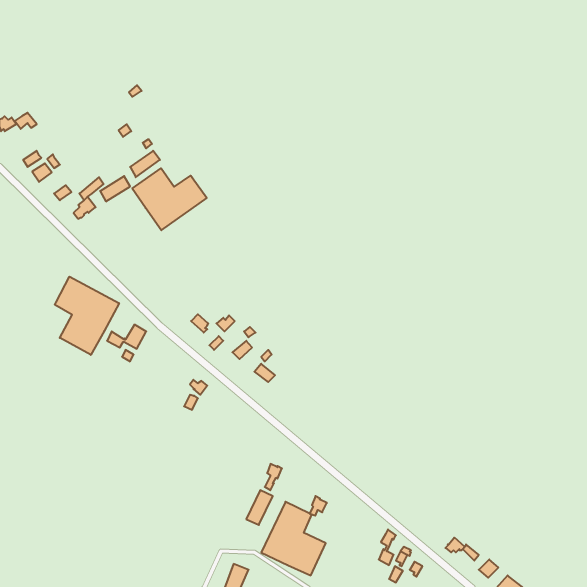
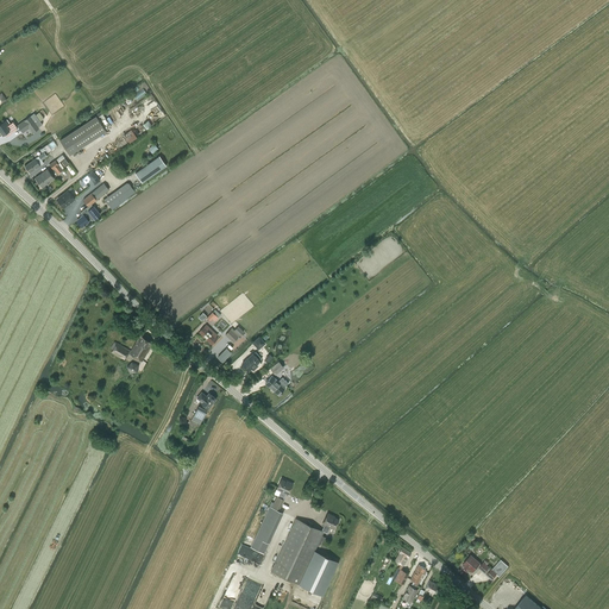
building: none -> [58,118,105,156]
building: [132,168,207,230] -> none
building: [55,277,119,355] -> none

